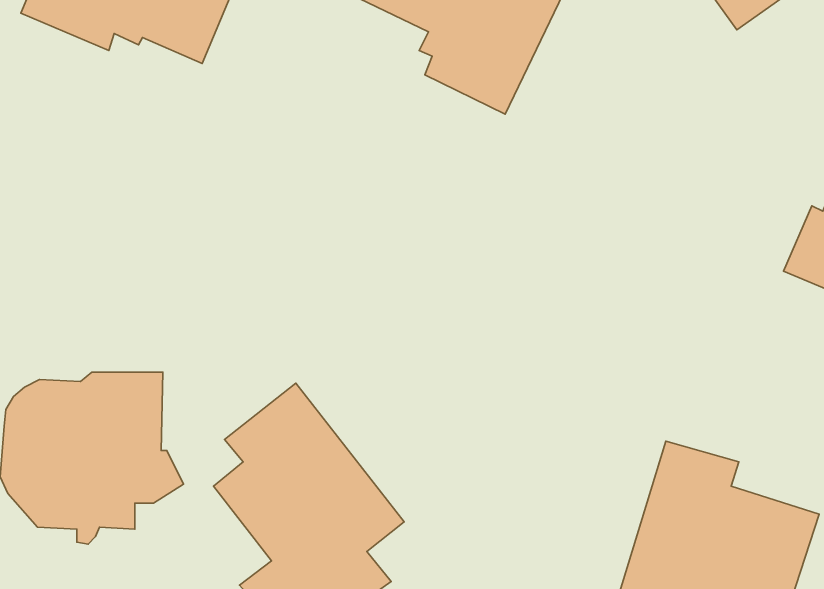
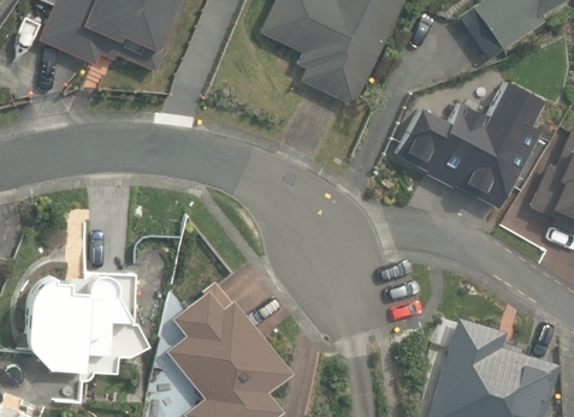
building: none -> [395,81,543,208]

